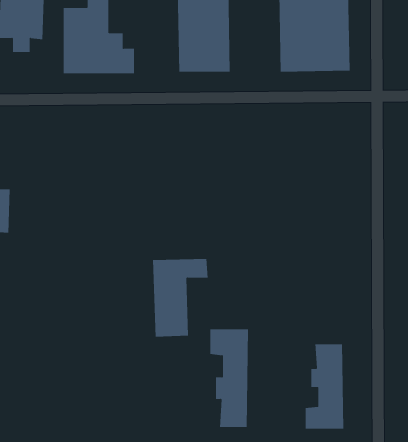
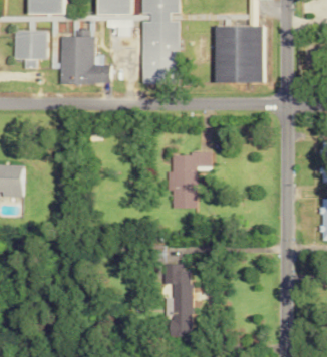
building: [152,258,208,337] -> [173,152,213,209]
building: [305,343,344,430] -> none

